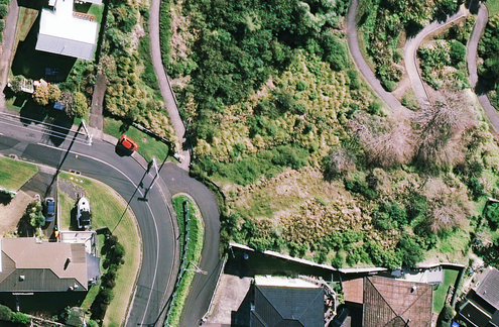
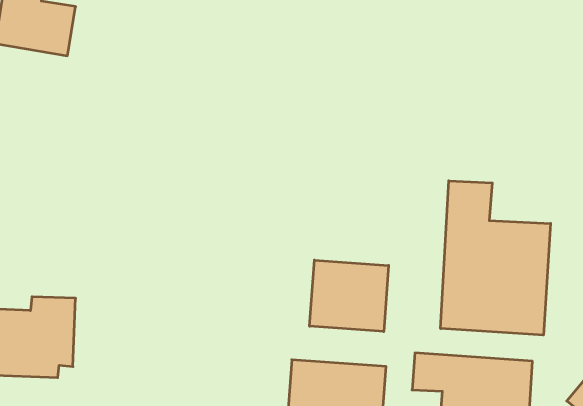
building: none -> [441,181,551,335]
building: none -> [310,260,389,332]

